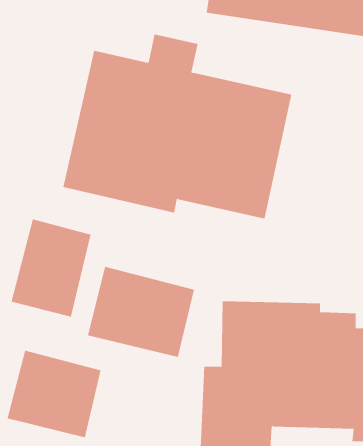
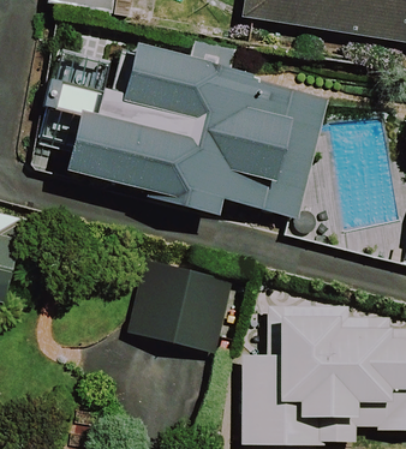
building: [11,218,91,317] -> none
building: [7,350,101,438] -> none

